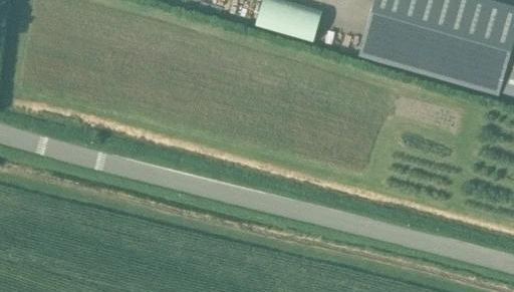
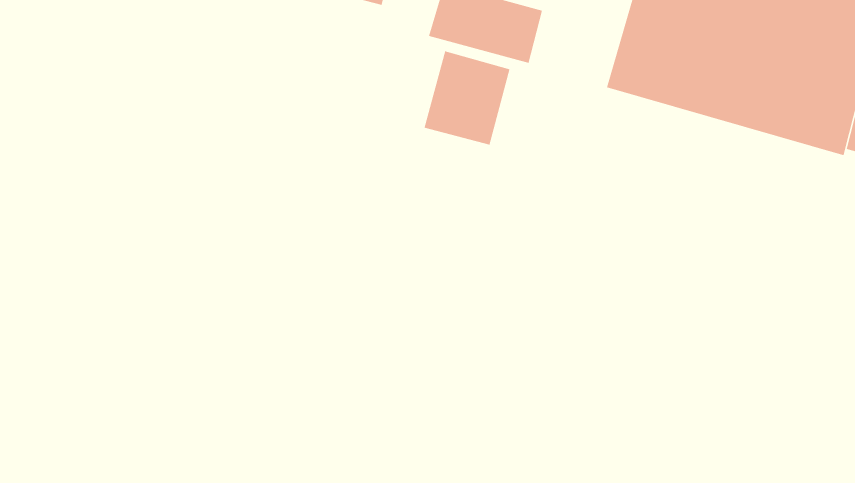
building: none -> [424,51,510,145]

